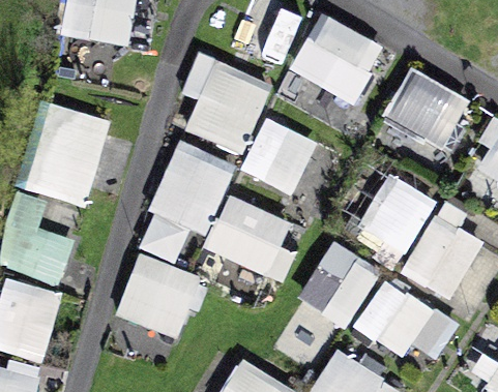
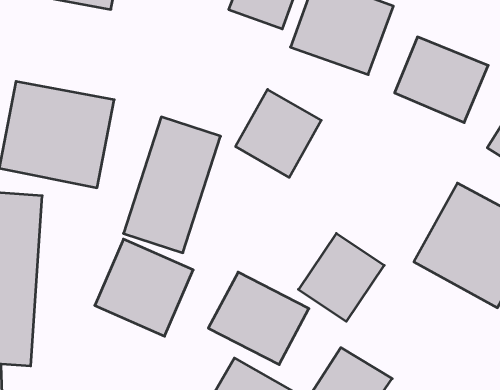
building: [182,51,271,155] -> none
building: [351,167,437,260] -> none
building: [203,192,294,276] -> [208,272,309,365]
building: [356,283,458,364] -> none

